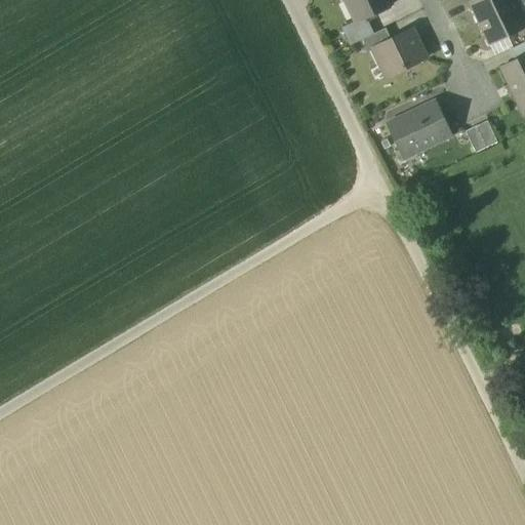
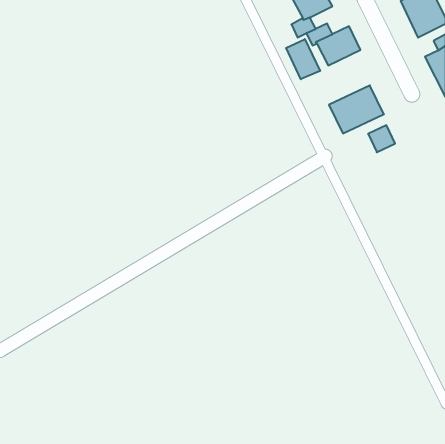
building: none -> [286,39,320,79]
building: [466,120,497,152] -> [368,125,395,152]

